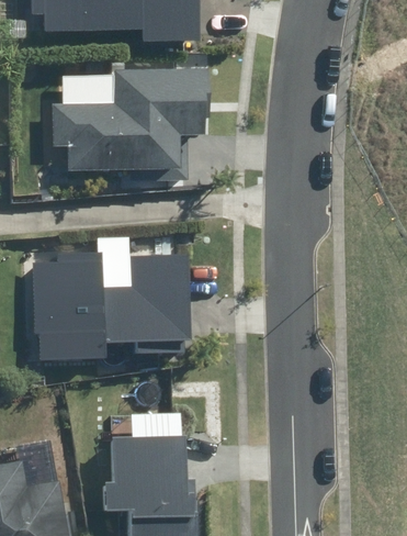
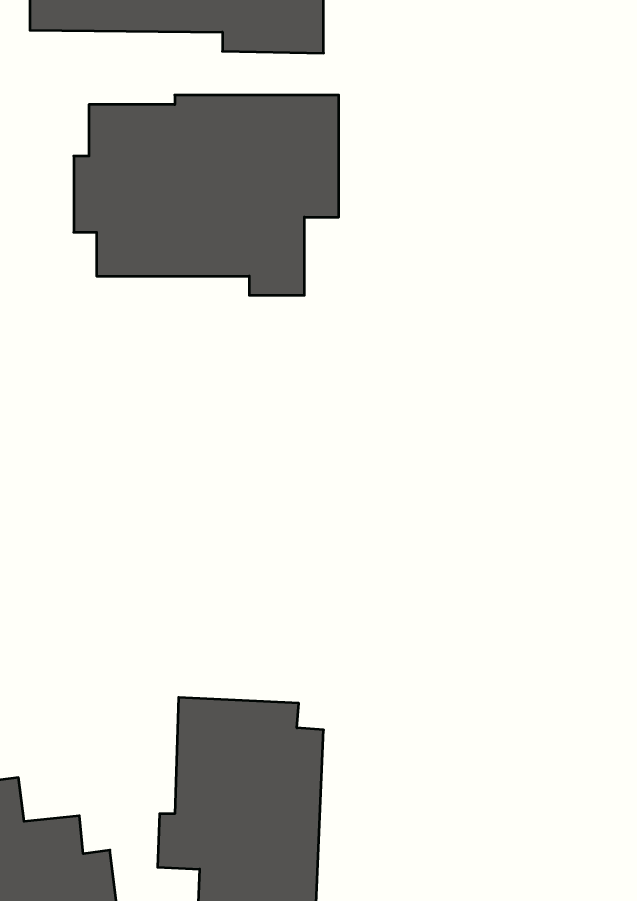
building: [32,244,188,360] -> none

